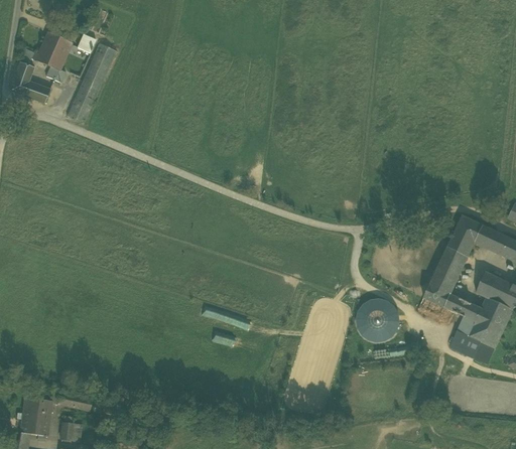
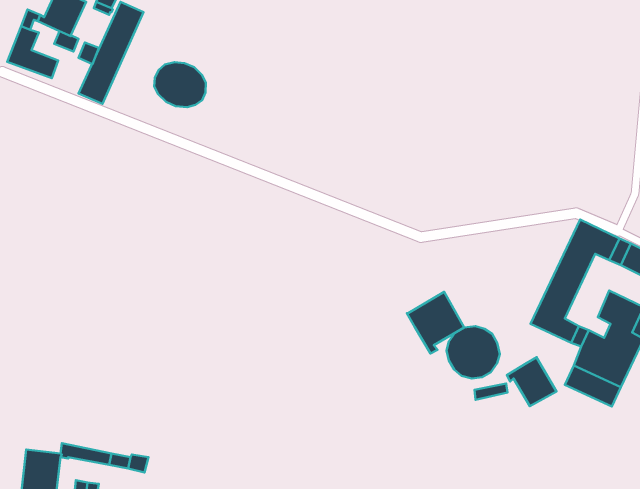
building: none -> [154,62,206,107]
building: none -> [407,292,464,353]
building: none -> [507,357,556,406]

